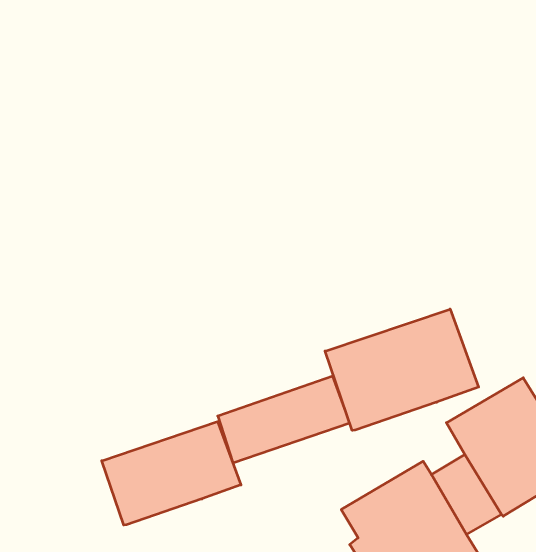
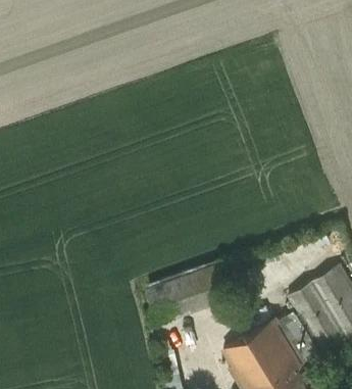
building: [325,309,479,430] -> none
building: [102,422,241,525] -> none

